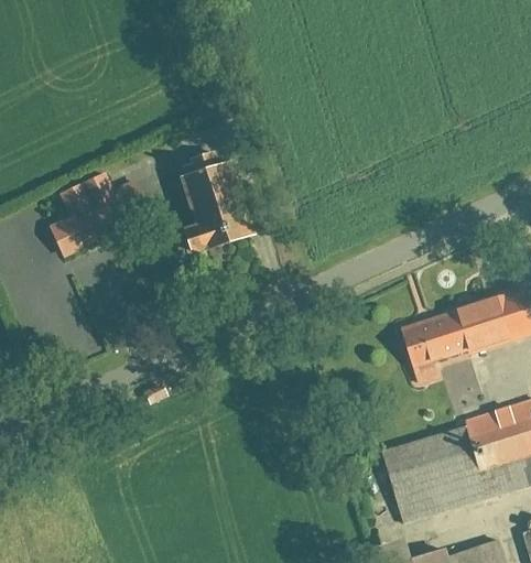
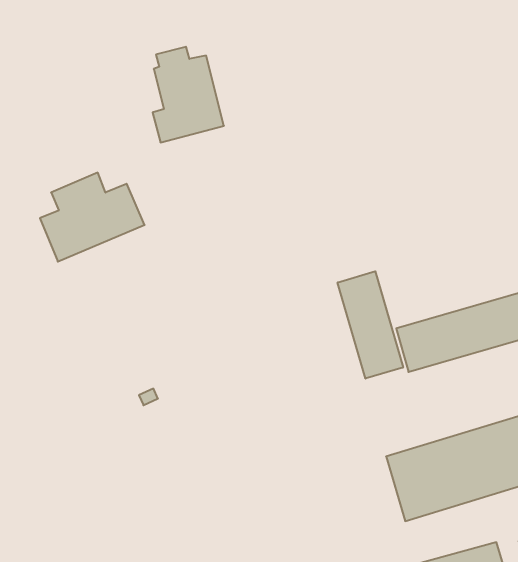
building: [181,159,251,253] -> [153,47,224,142]
building: none -> [338,271,403,379]

